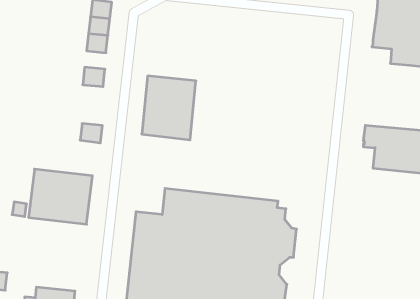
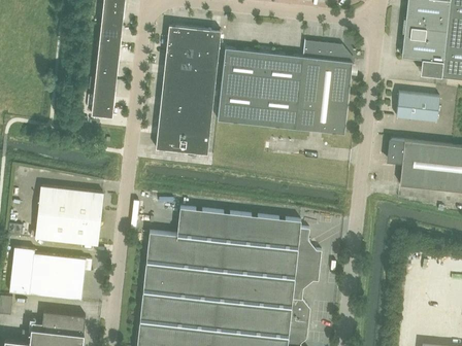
building: none -> [162,27,220,93]
building: none -> [219,42,353,134]
building: none -> [95,61,118,80]
building: none -> [397,93,440,122]
building: [80,124,102,143] -> [91,97,114,117]
building: none -> [9,251,90,301]

